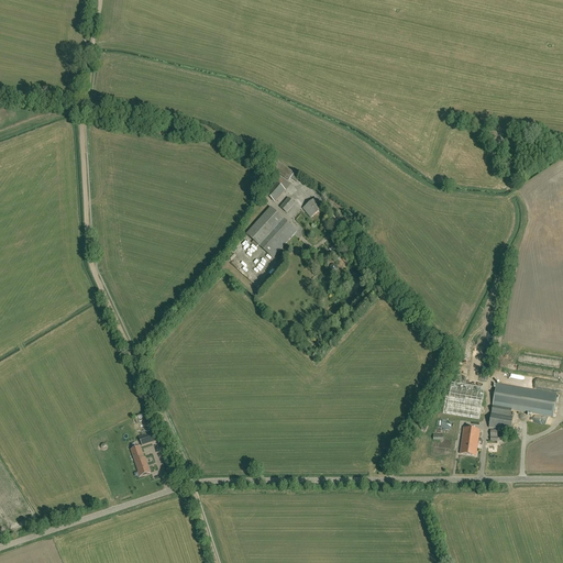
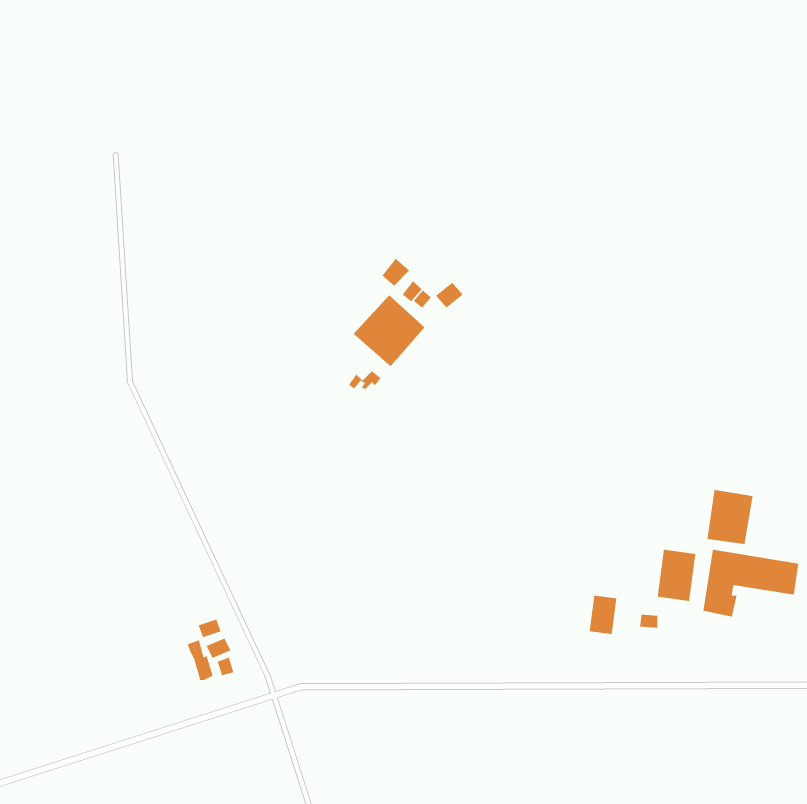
building: none -> [707,489,753,545]
building: [459,426,478,453] -> [589,595,617,635]

